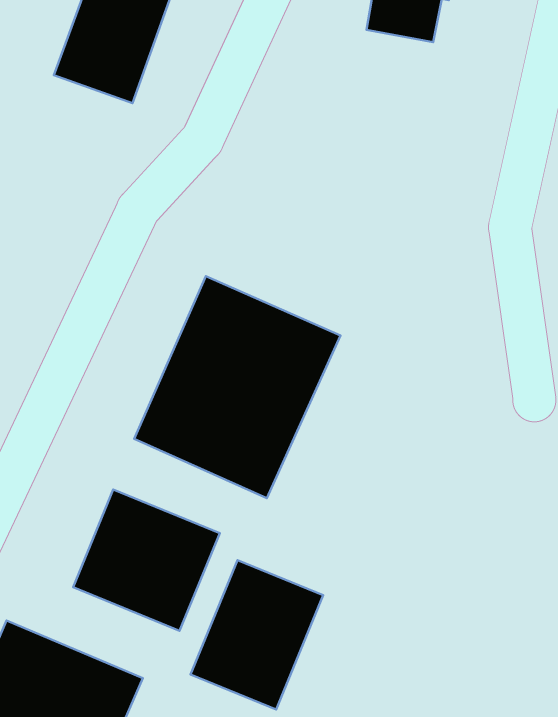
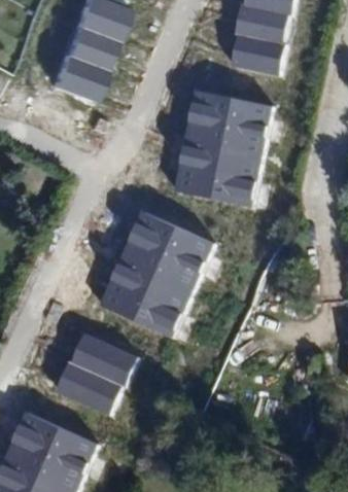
building: none -> [172,89,273,208]
building: [190,560,323,710] -> none

